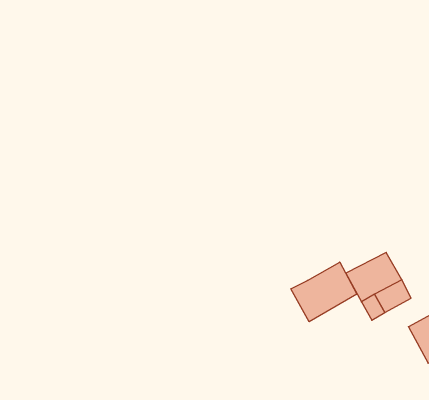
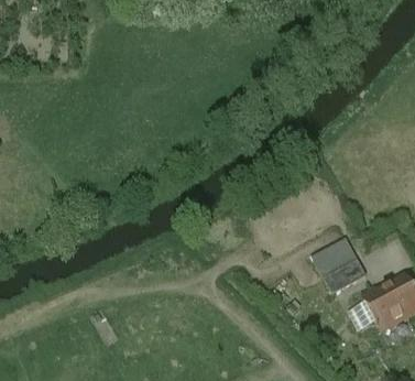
building: [291,262,357,322] -> none

